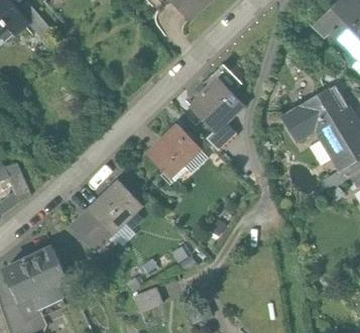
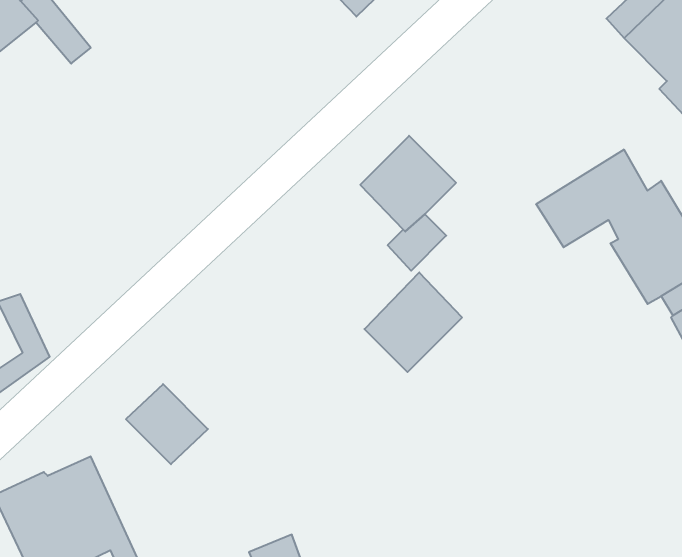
building: [149,125,200,177] -> [364,272,462,372]
building: [90,182,141,233] -> none

